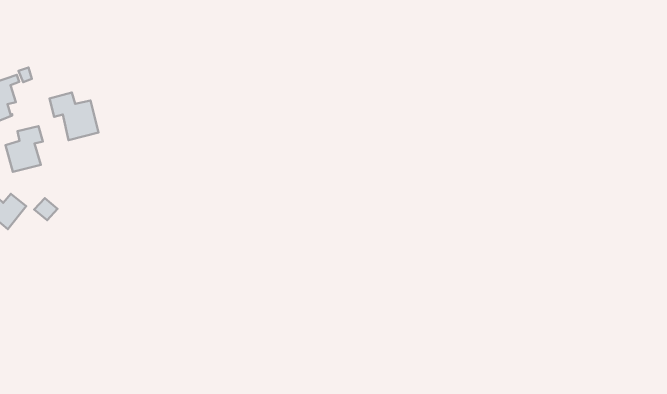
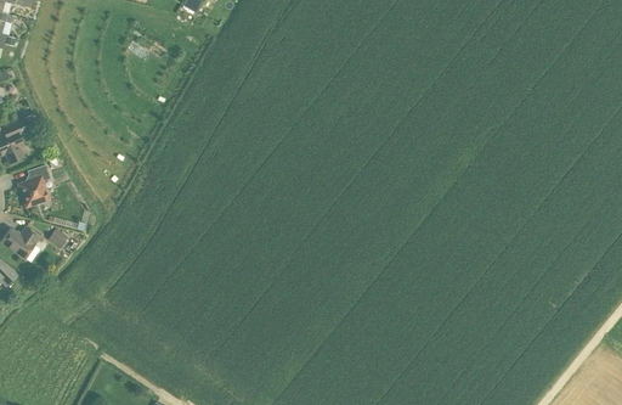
building: [50,92,98,140] -> none

